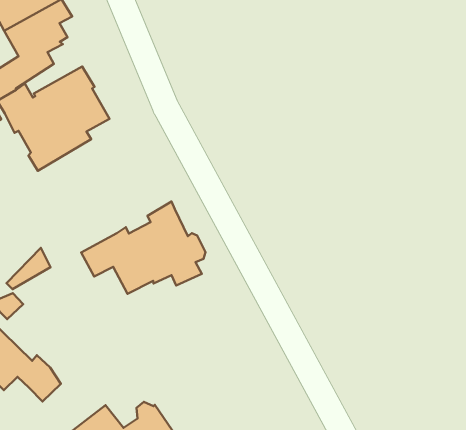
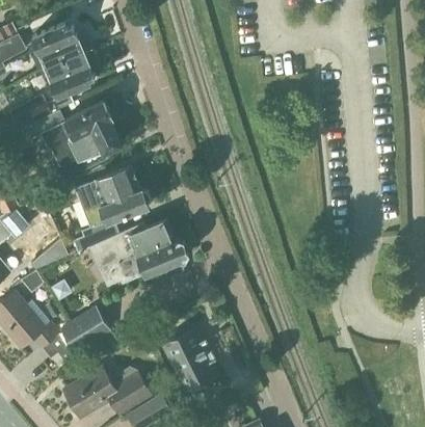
building: none -> [71,165,150,251]
building: none -> [56,304,108,351]
building: none -> [163,329,215,389]

